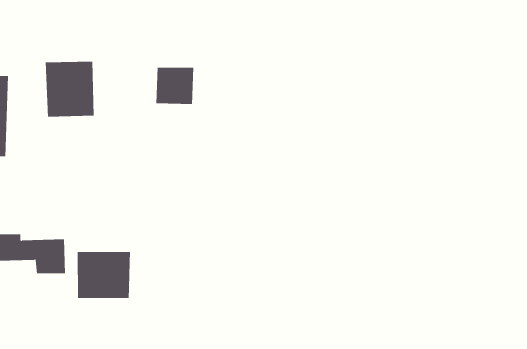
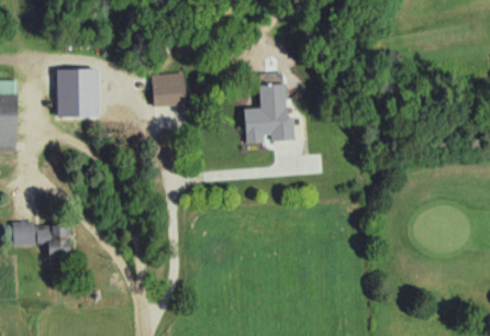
building: none -> [242,71,294,144]
building: [77,251,130,299] -> none

